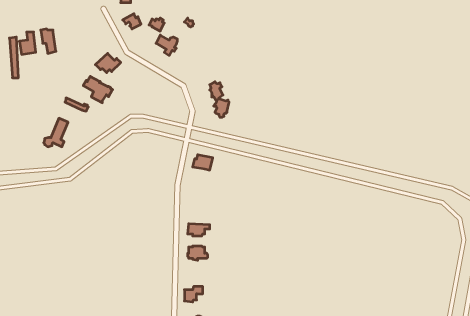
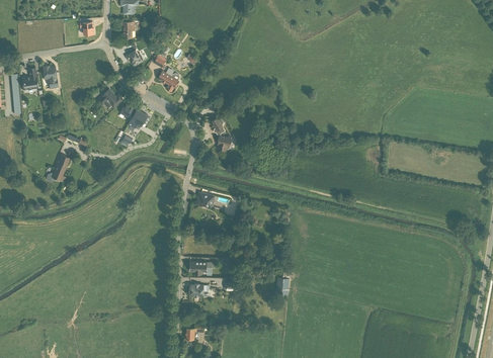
building: [83,76,113,103] -> [120,104,150,130]

